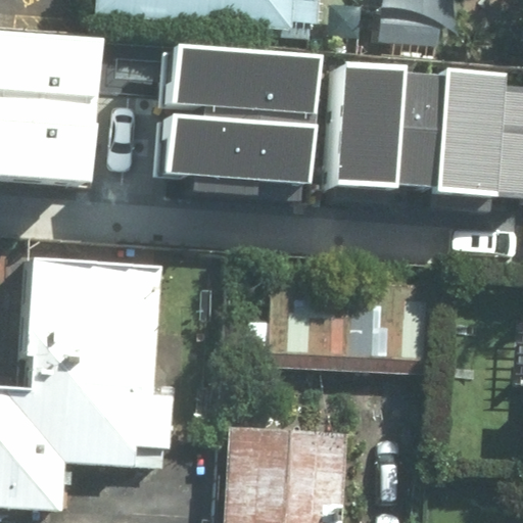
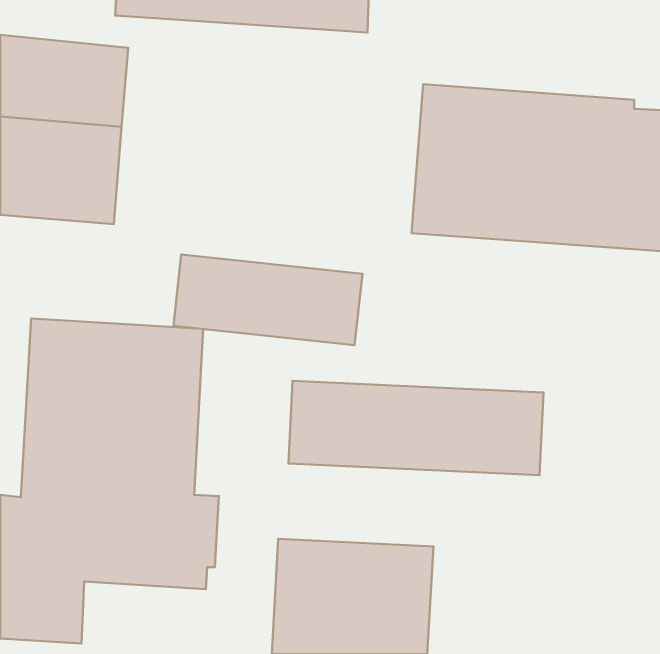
building: [160,44,308,115] -> none
building: [151,120,300,191] -> [173,255,362,345]

